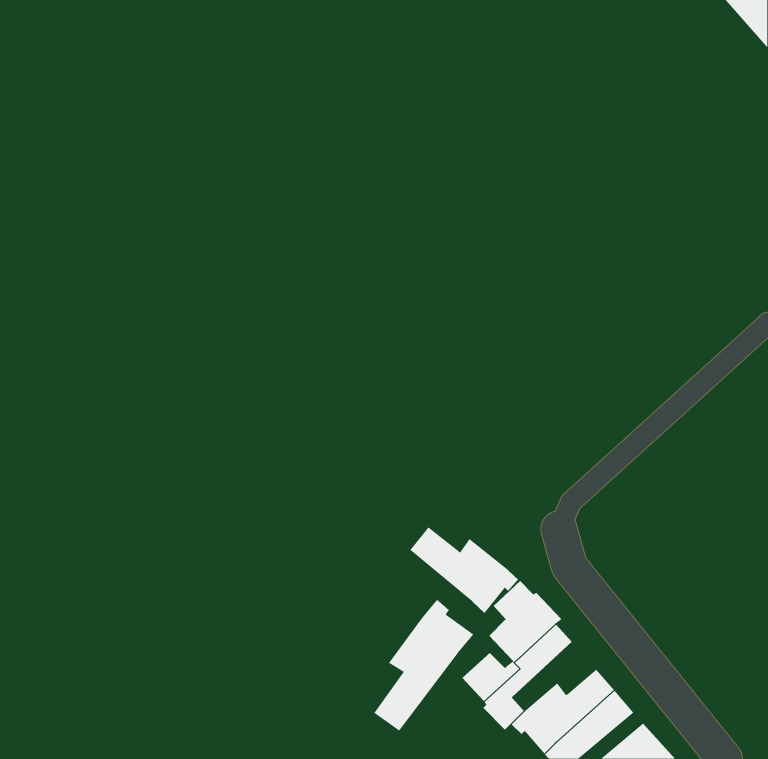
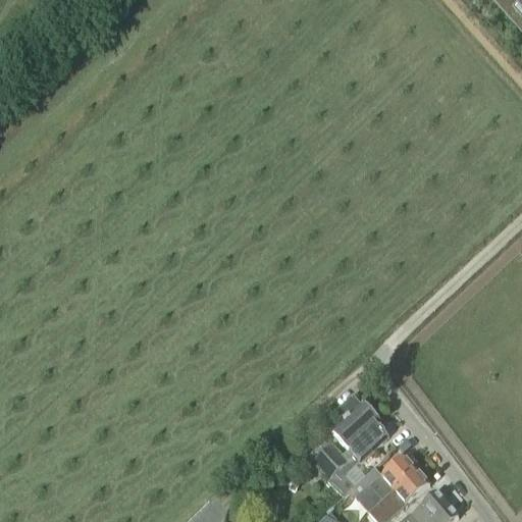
building: [410,527,519,614] -> none
building: [373,599,474,731] -> none

